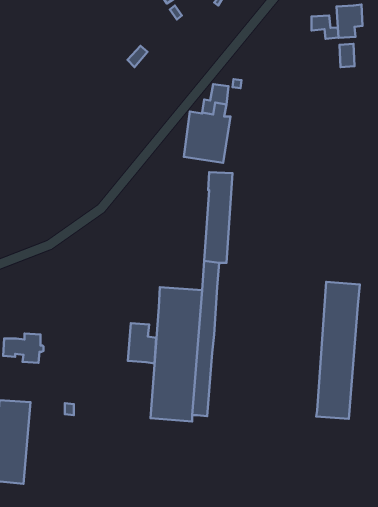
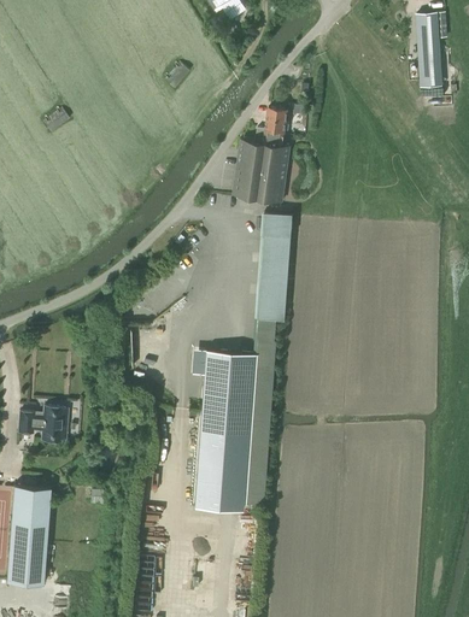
building: [311,15,338,39] -> none
building: [316,282,360,419] -> none
building: [128,323,156,363] -> none

